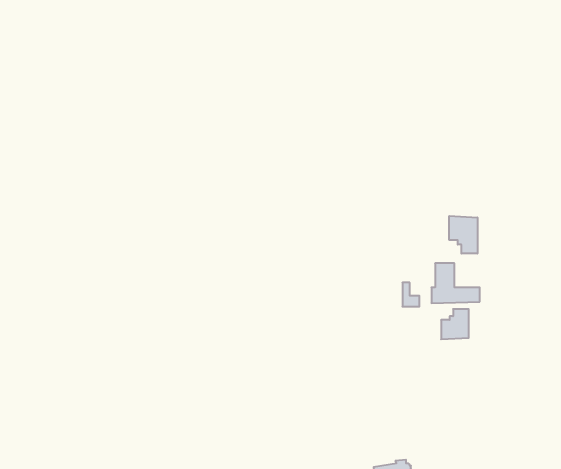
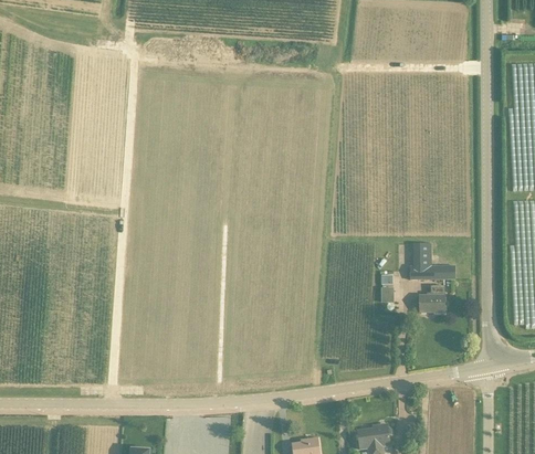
building: [449,216,477,254] -> none

